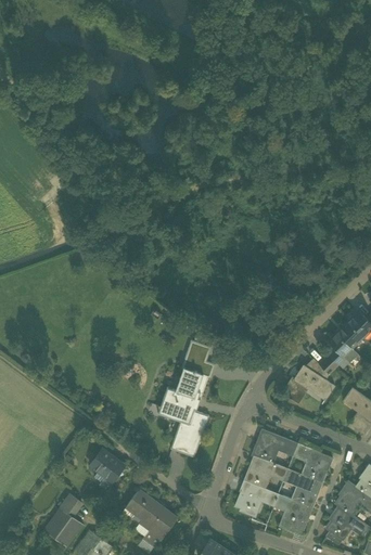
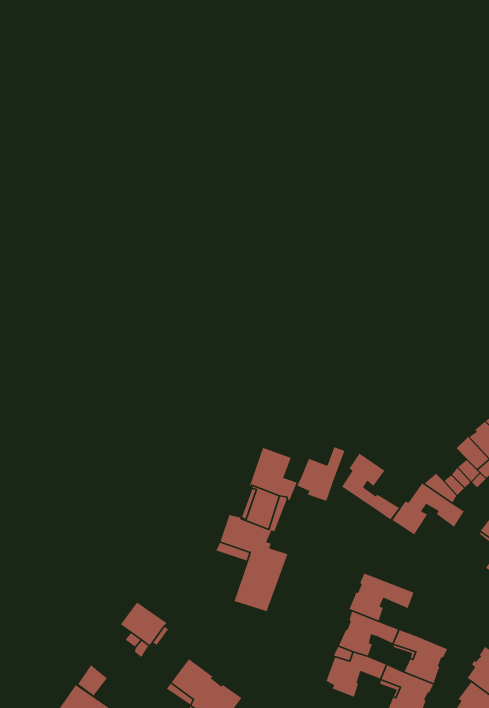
building: none -> [296,446,345,502]
building: none -> [341,452,400,521]
building: [294,443,332,483] -> none

